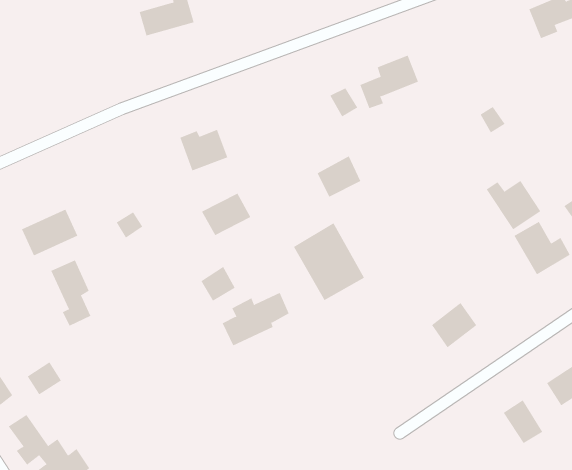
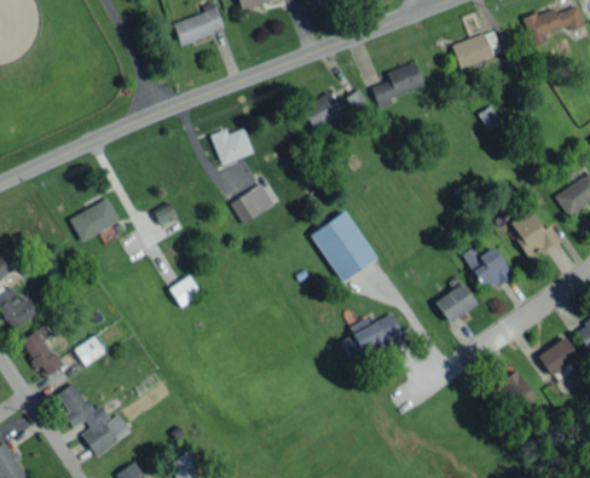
building: none -> [452,31,502,68]
building: [317,156,361,197] -> [302,92,342,129]
building: [486,180,541,230] -> [462,247,511,292]
building: [51,260,91,327] -> none
building: [200,266,236,301] -> [169,276,201,307]
building: [222,292,290,346] -> [341,313,401,362]

